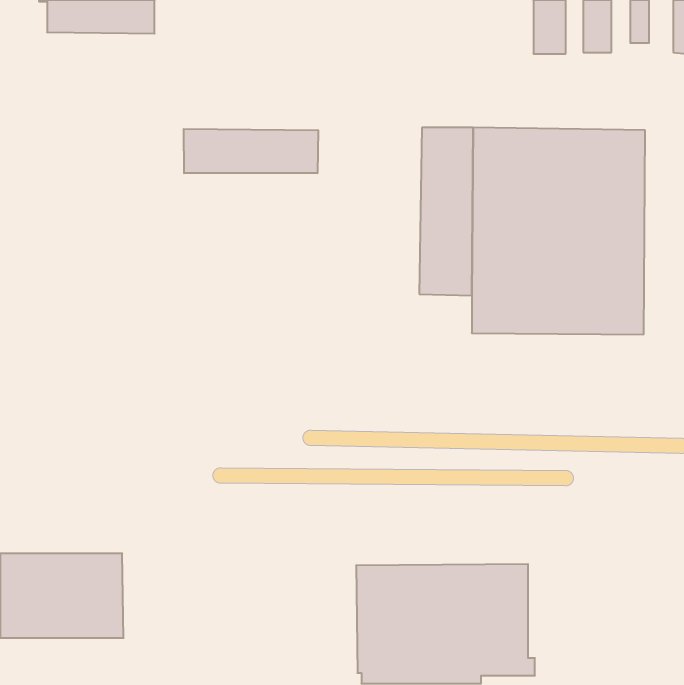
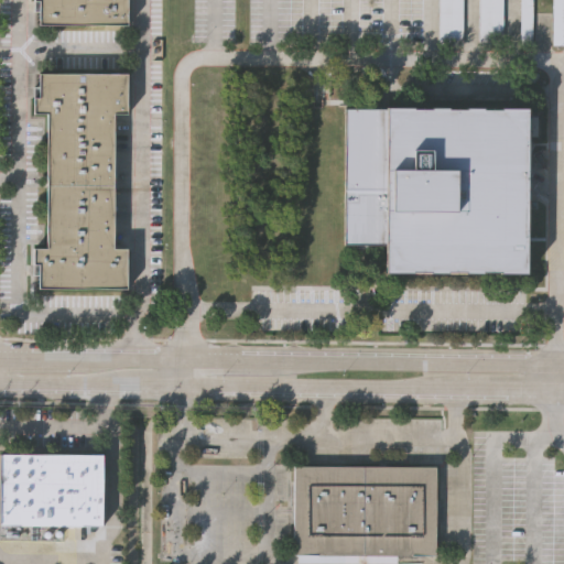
building: none -> [33,74,129,292]
building: [184,129,318,173] -> none

